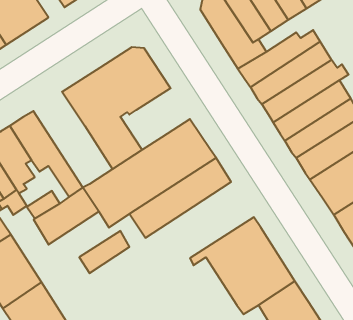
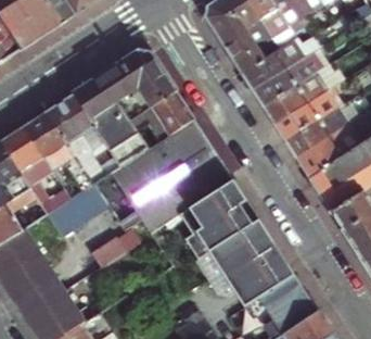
building: none -> [143,89,194,136]
building: none -> [46,92,99,184]
building: none -> [180,178,255,251]

